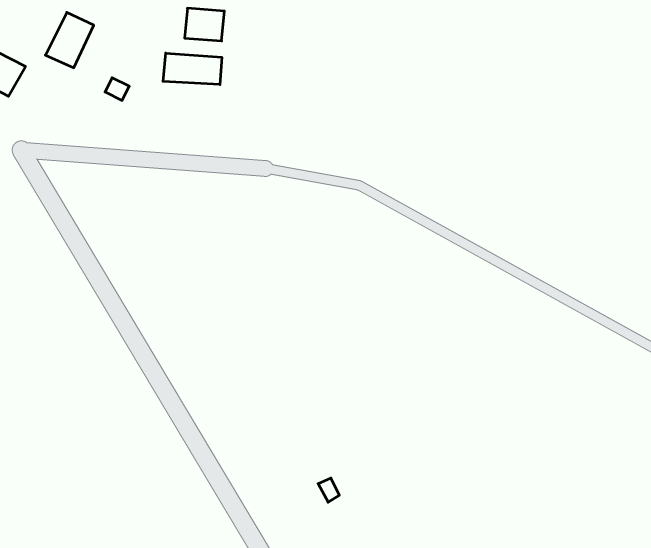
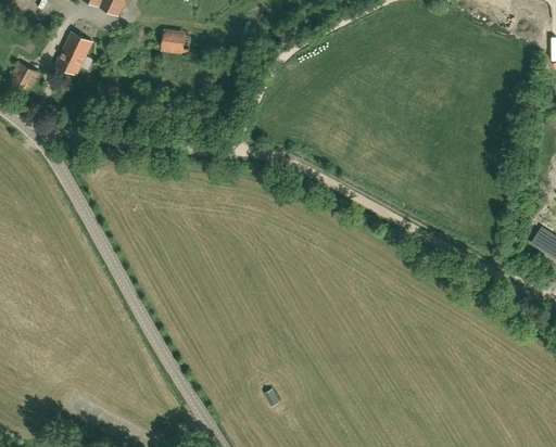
building: [163,53,222,85] -> none

